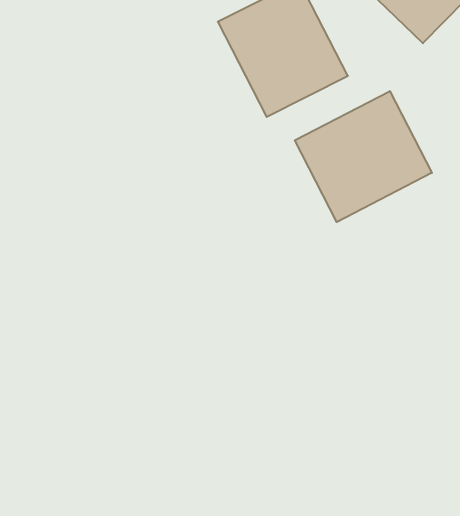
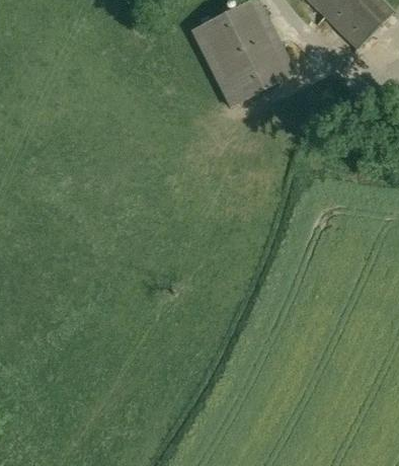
building: [295,91,432,222] -> none

